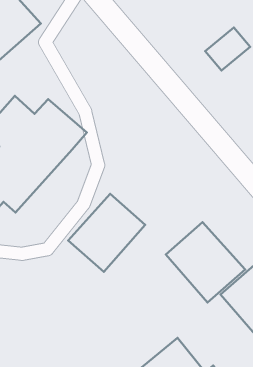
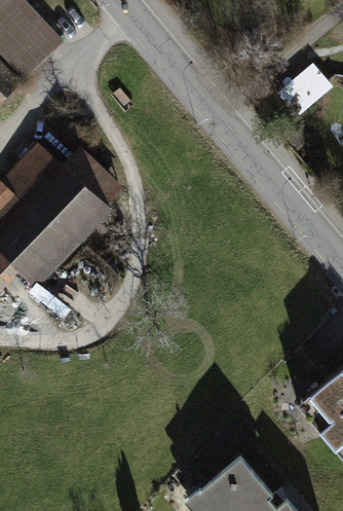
building: [68,194,145,272] -> none
building: [166,222,245,302] -> none

